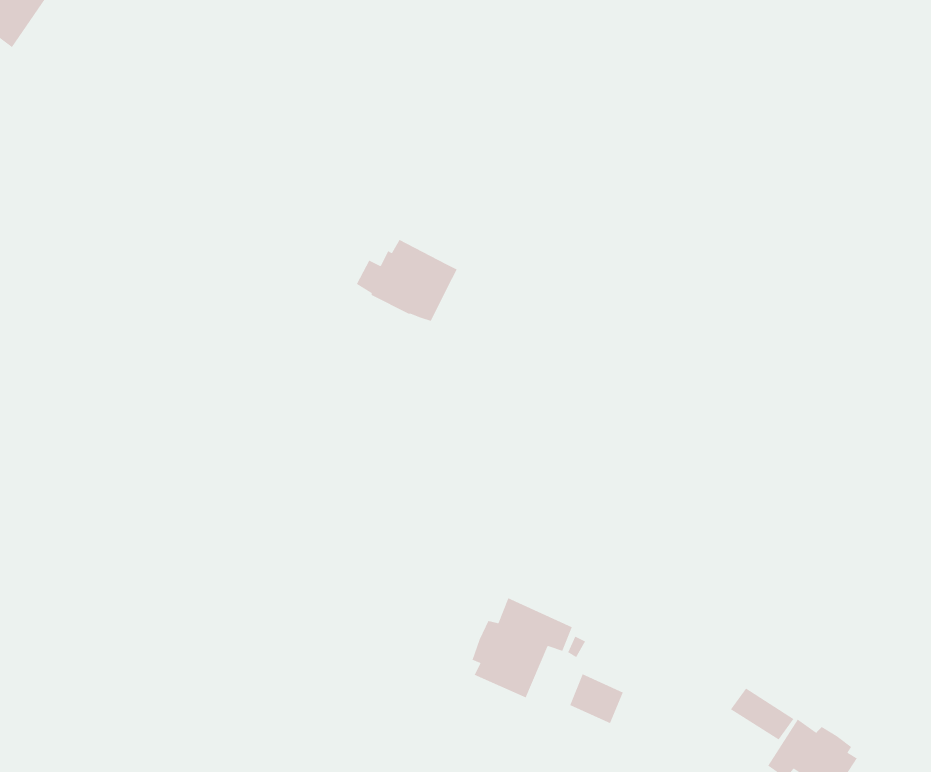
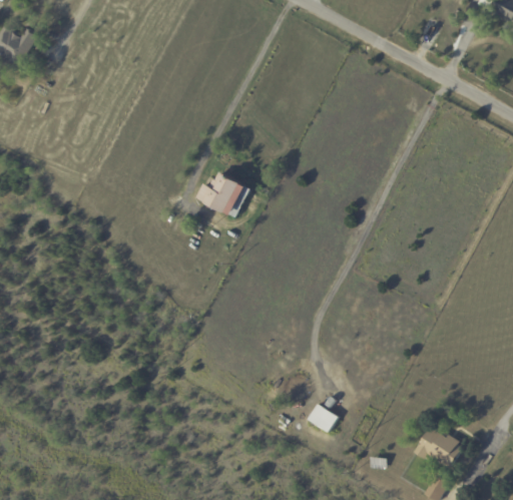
building: [471,597,573,699] -> none
building: [730,687,795,741] -> none

